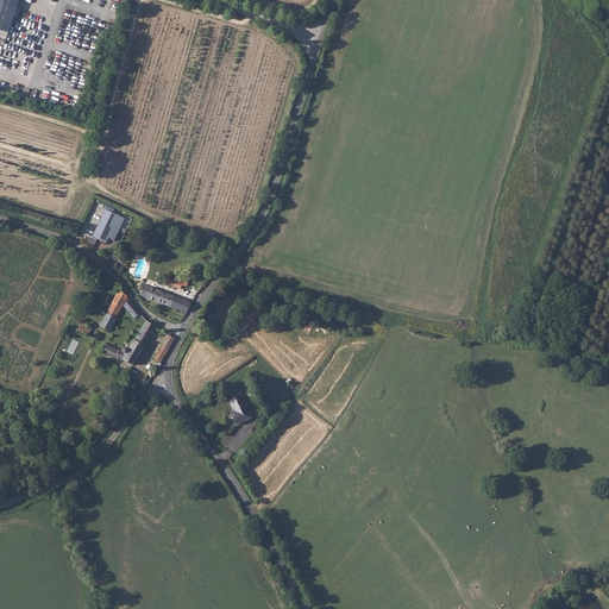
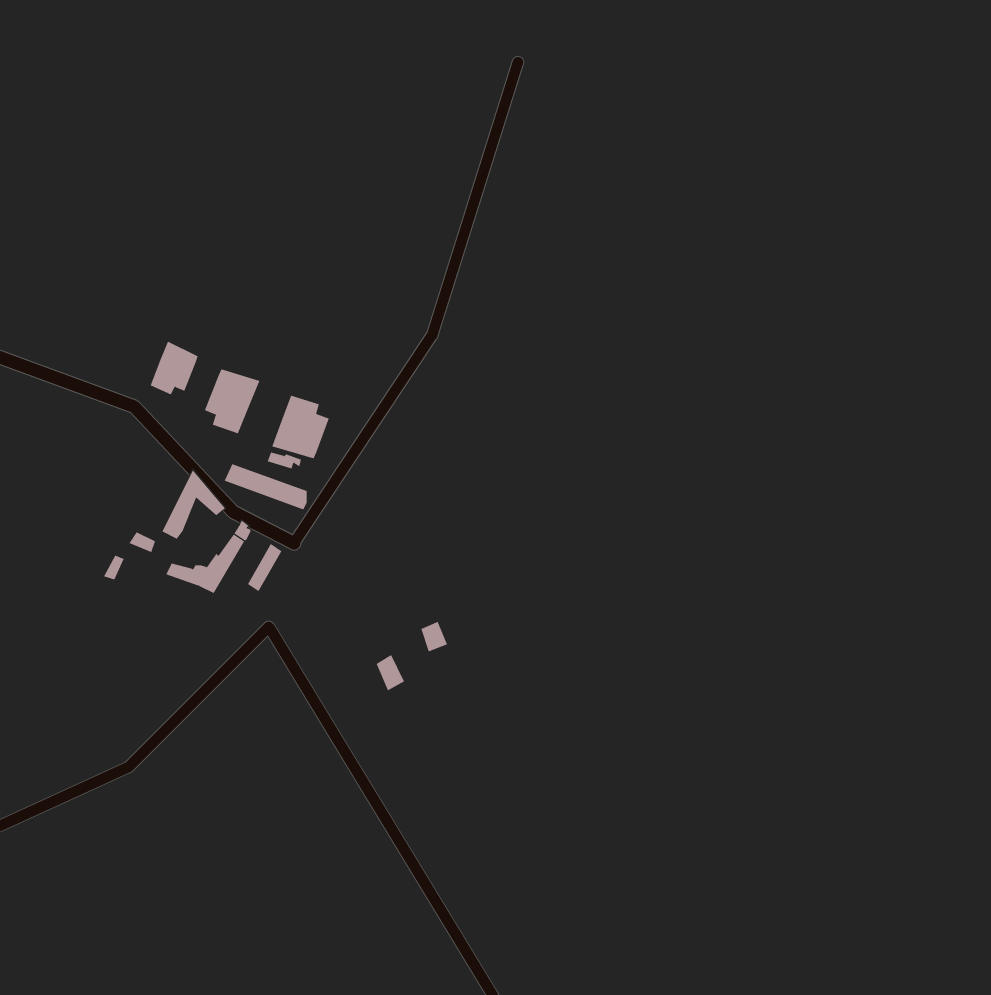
building: none -> [204,369,260,434]
building: none -> [271,395,329,459]

